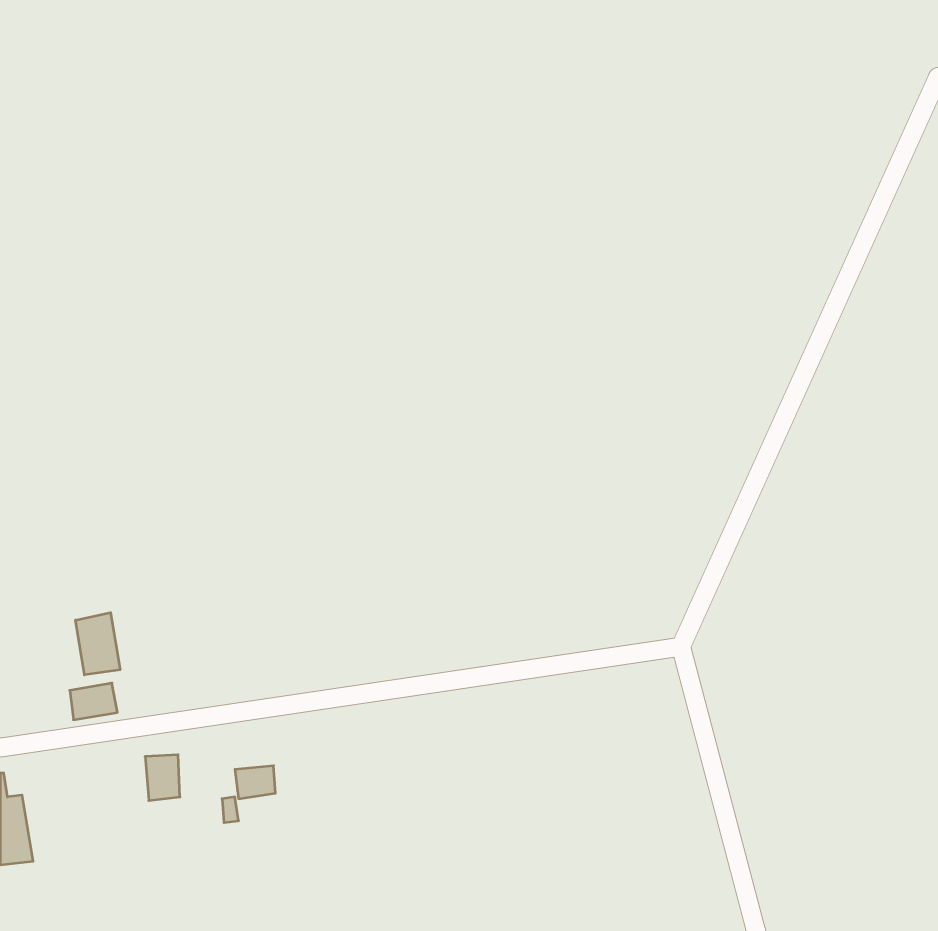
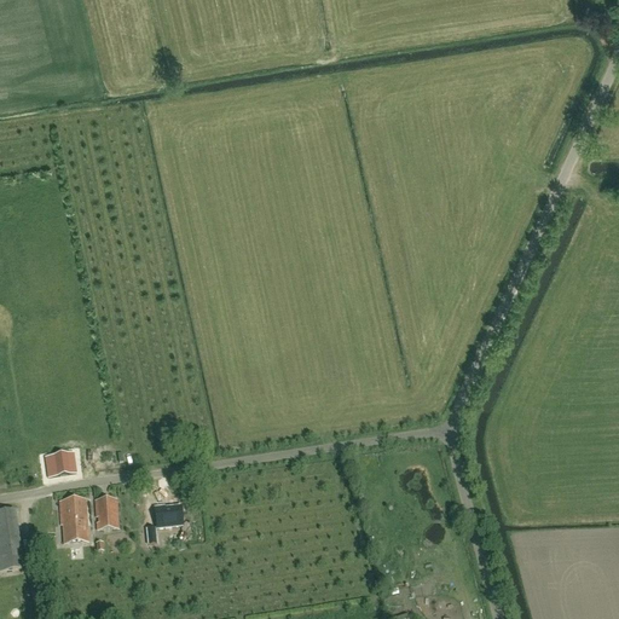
building: [76,613,120,675] -> none
building: none -> [60,497,88,540]

